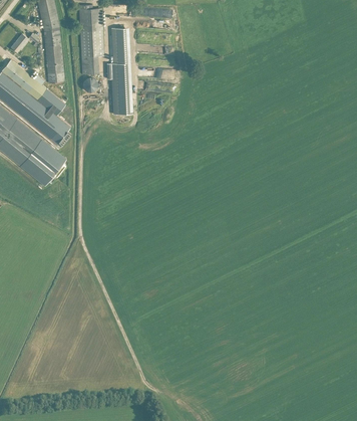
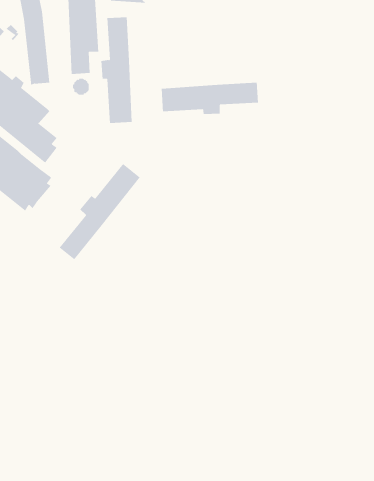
building: none -> [161,82,258,115]
building: none -> [59,163,140,260]

